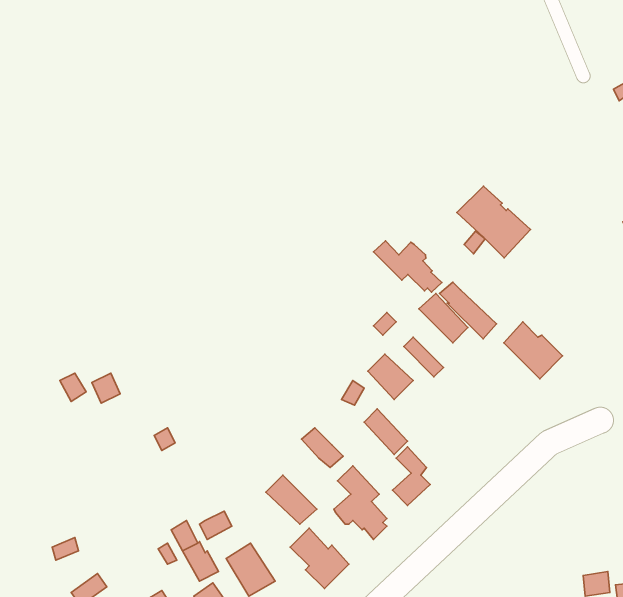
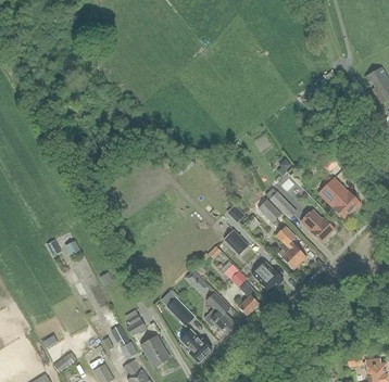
building: [457,186,531,258] -> [319,178,362,219]
building: [373,241,442,292] -> none
building: none -> [276,226,308,269]
building: none -> [251,260,284,293]

